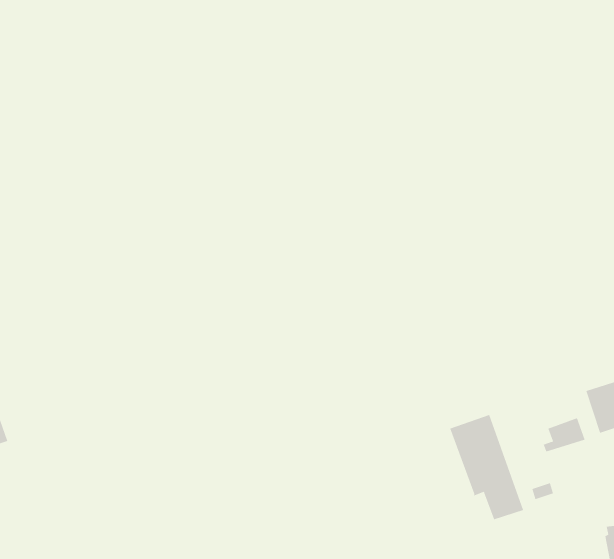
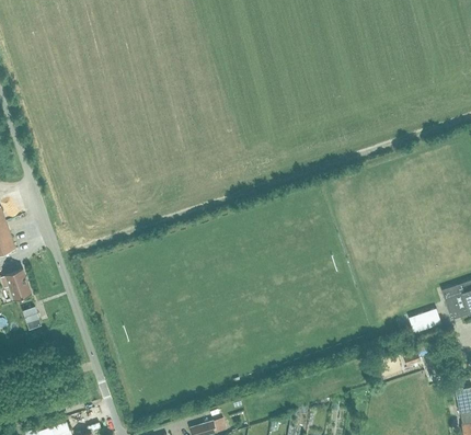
building: [449,414,524,520] -> none

